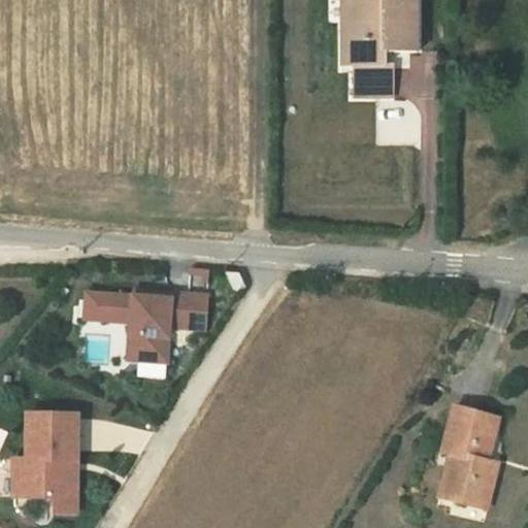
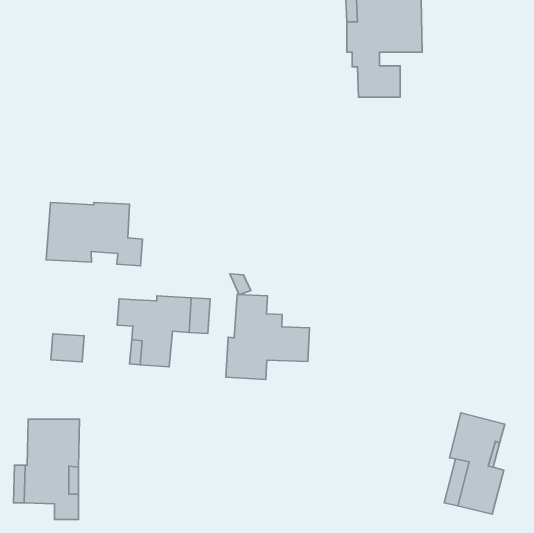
building: none -> [46,202,143,266]
building: none -> [226,295,310,379]
building: [85,293,118,321] -> [51,334,84,362]

